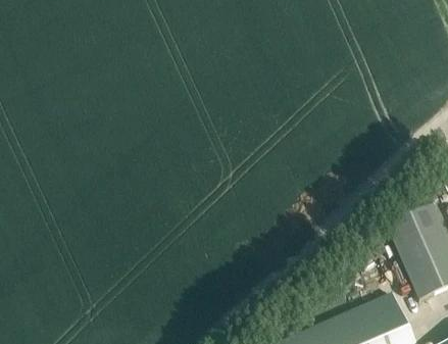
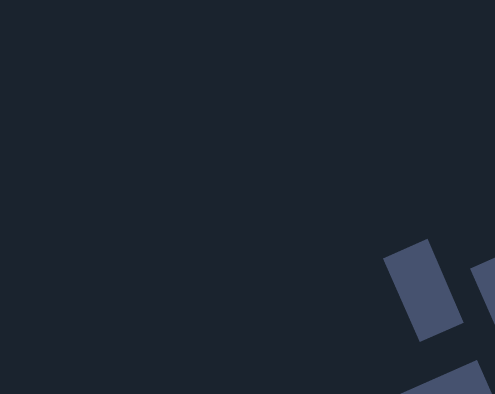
building: none -> [382,238,464,343]

